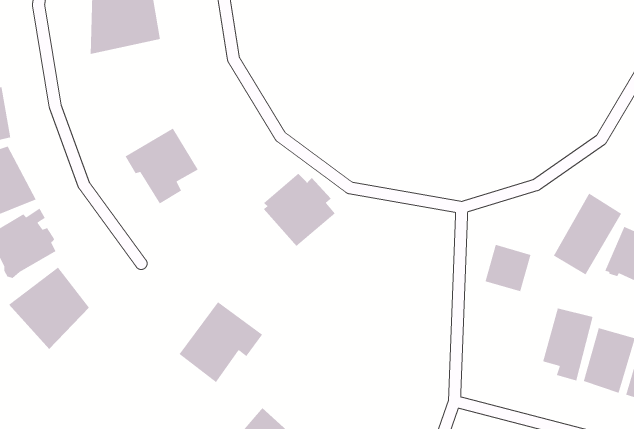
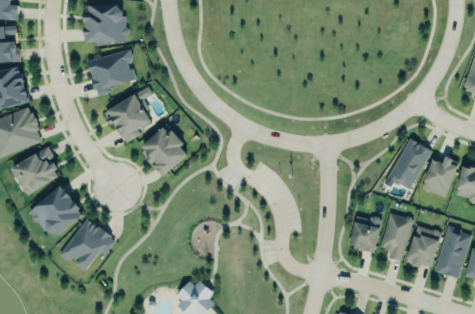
building: none -> [86,48,135,97]
building: [263,173,336,247] -> [140,128,188,177]
building: [484,244,531,292] -> [349,221,380,253]
building: [178,301,263,383] -> [60,218,116,272]

